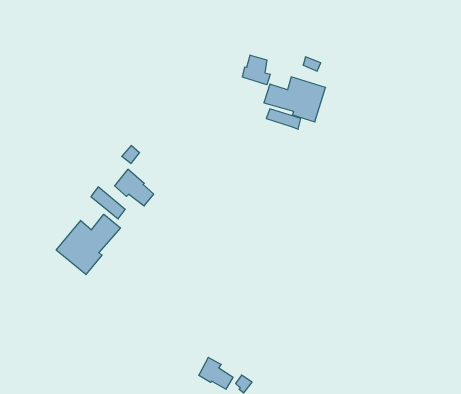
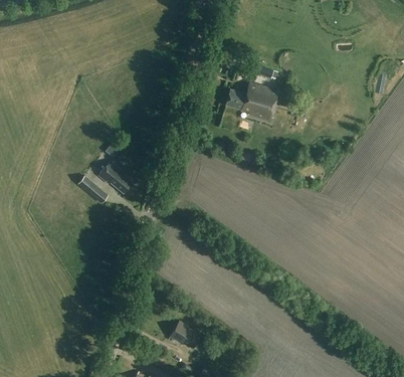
building: [243,55,270,85] -> none
building: [56,214,120,275] -> none

